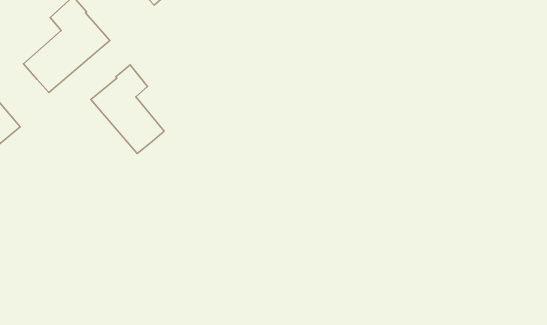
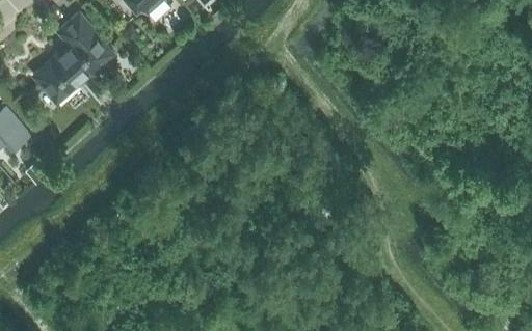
building: [91,65,164,153] -> none

